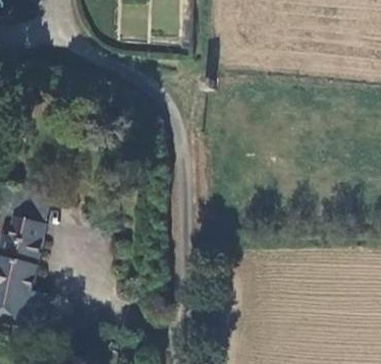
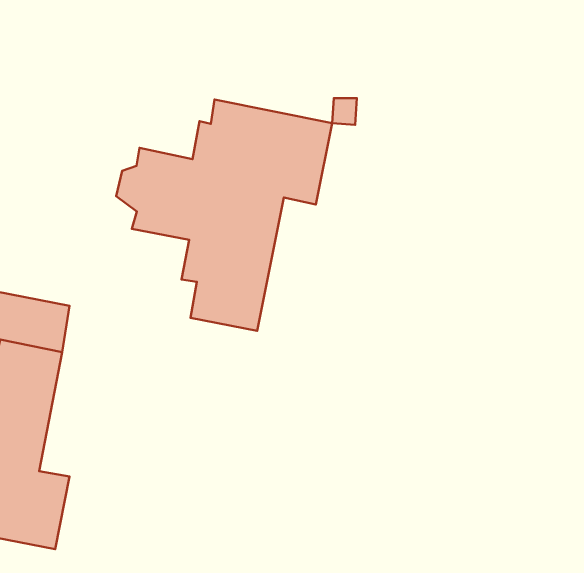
building: none -> [116,99,332,331]

